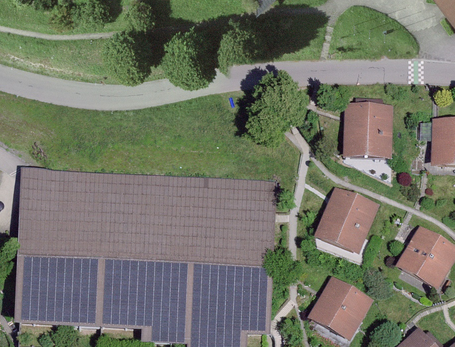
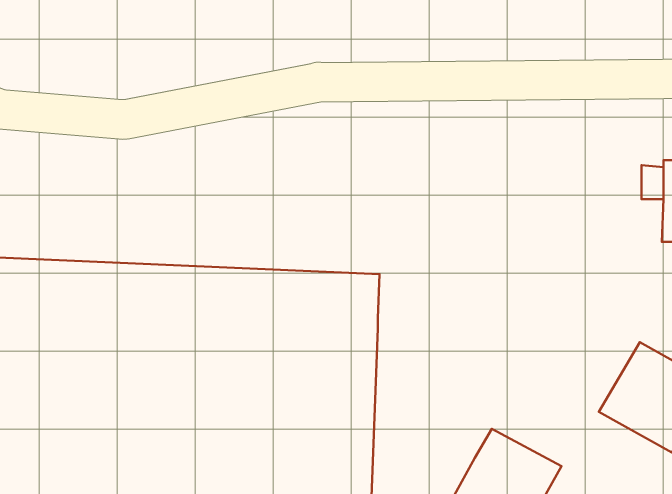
building: [344,103,394,159] -> none
building: [314,185,379,254] -> none

